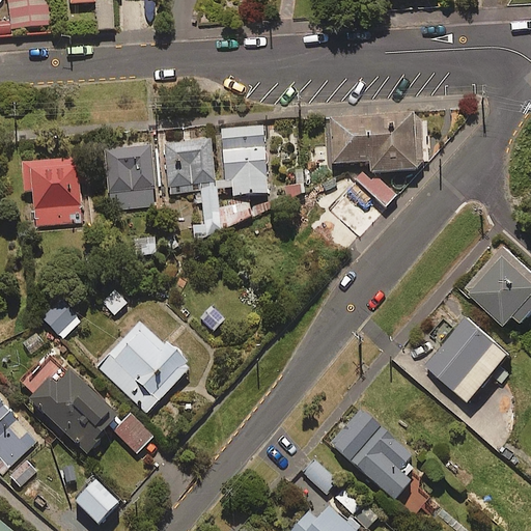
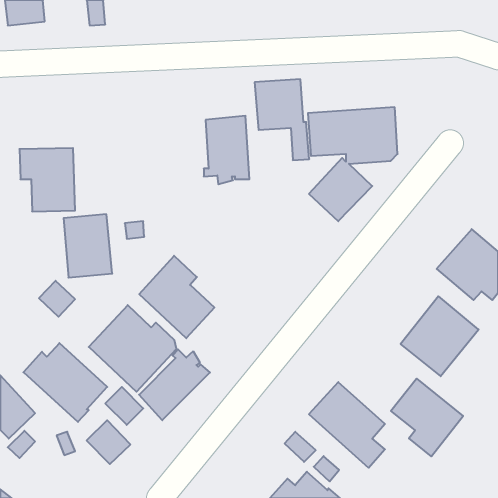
building: [161,139,219,225] -> [255,79,309,160]
building: [103,142,155,209] -> [64,214,112,278]
building: none -> [139,256,214,338]
building: none -> [139,349,210,420]
building: none -> [391,379,463,456]
building: [72,479,118,526] -> [87,420,130,464]

